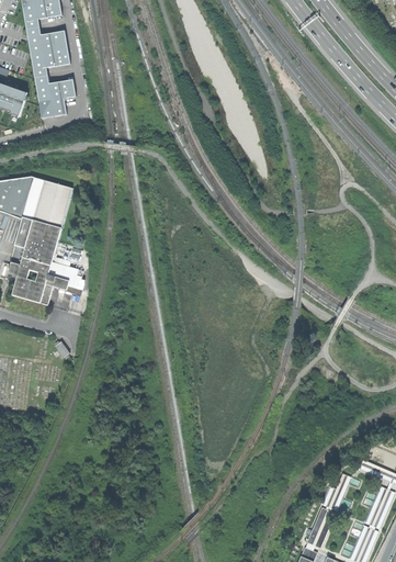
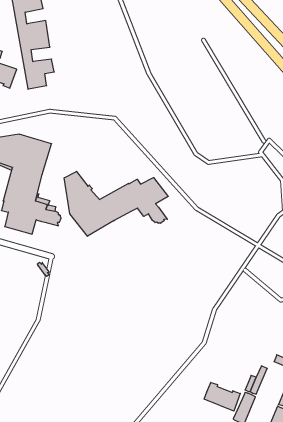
building: none -> [64,171,168,236]
building: none -> [204,382,240,411]

